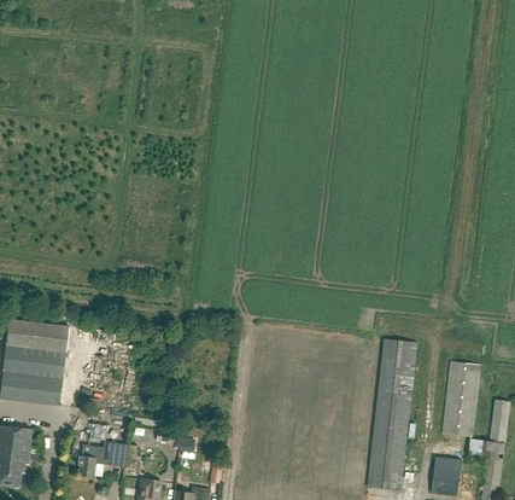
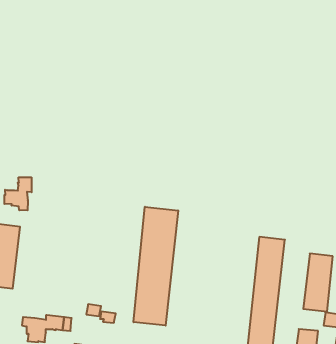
building: none -> [4,177,32,210]
building: none -> [134,207,178,326]

